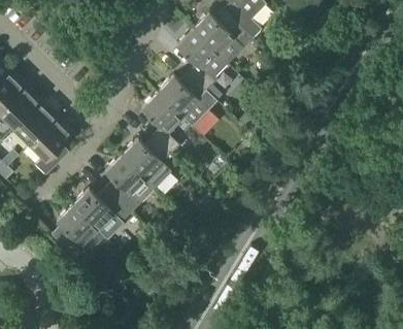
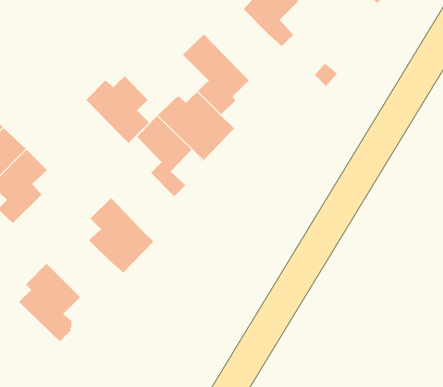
building: [192,11,251,66] -> none
building: [121,137,170,190] -> [85,76,150,144]
building: [71,189,130,241] -> none

